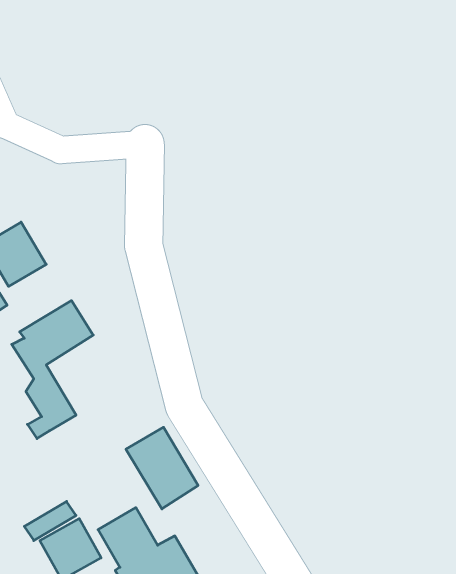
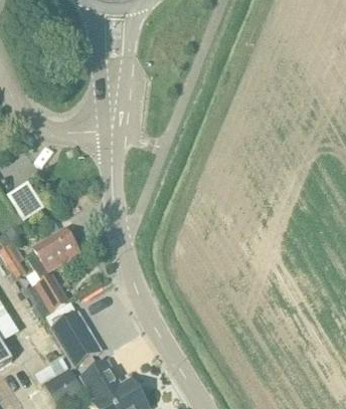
building: [126,427,198,509] -> [54,312,101,364]

